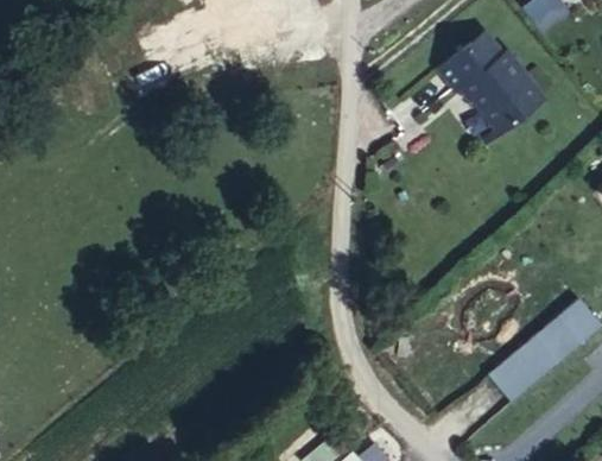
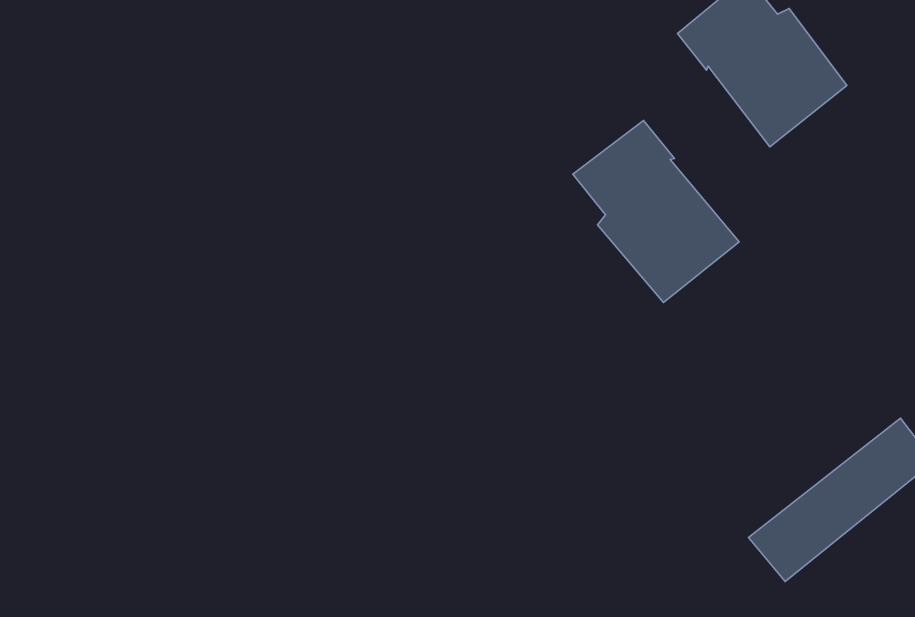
building: none -> [573,120,739,302]

